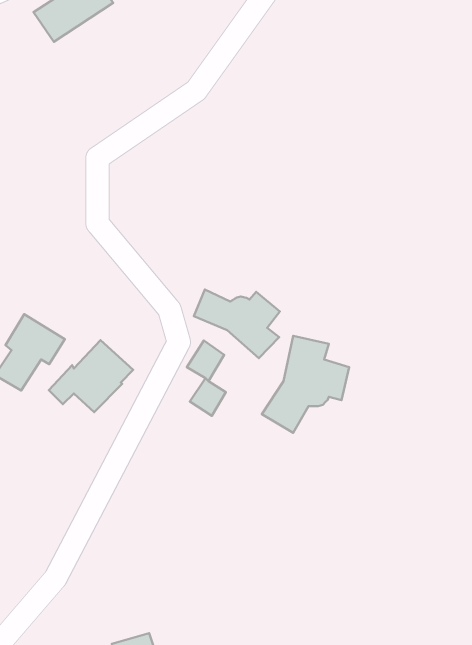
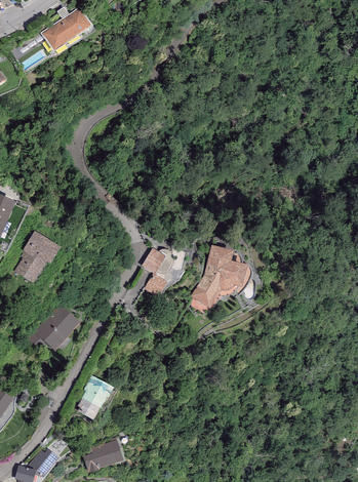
building: [194,289,280,358] -> none
building: [49,340,133,412] -> [25,304,80,351]
building: none -> [77,375,114,419]

